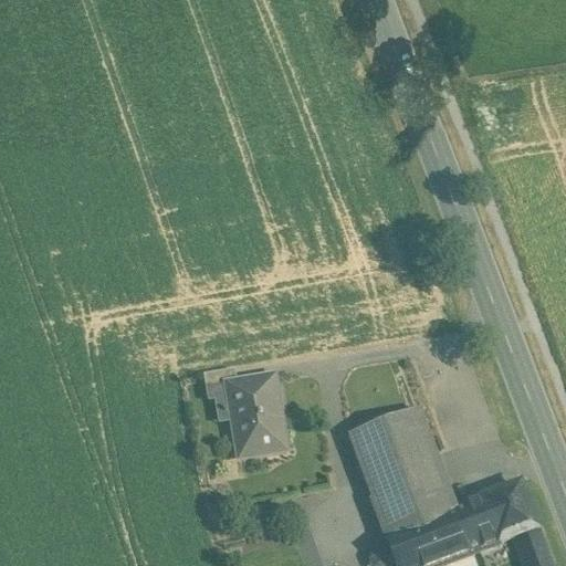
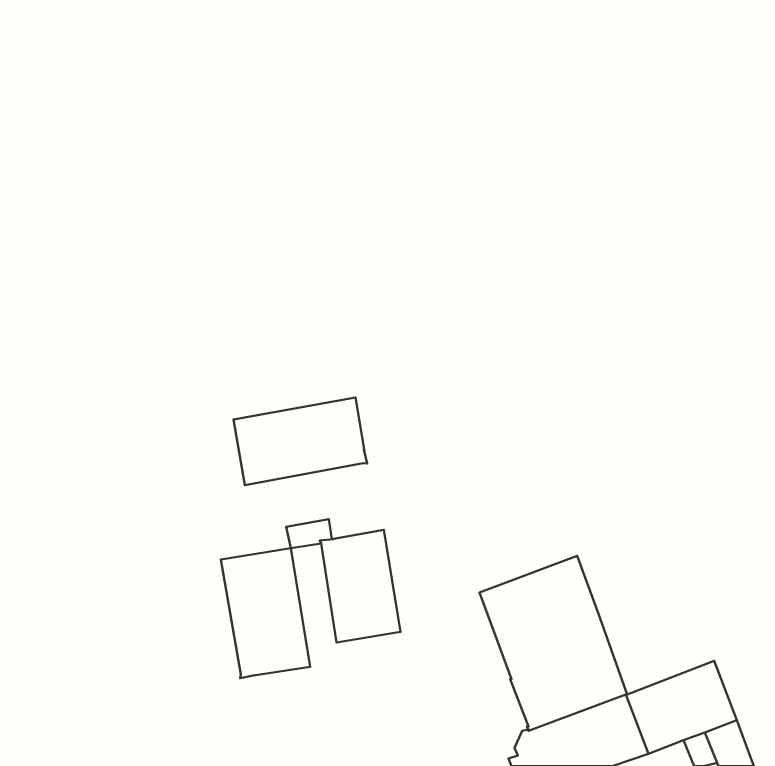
building: none -> [233,398,367,485]
building: none -> [221,548,310,678]

